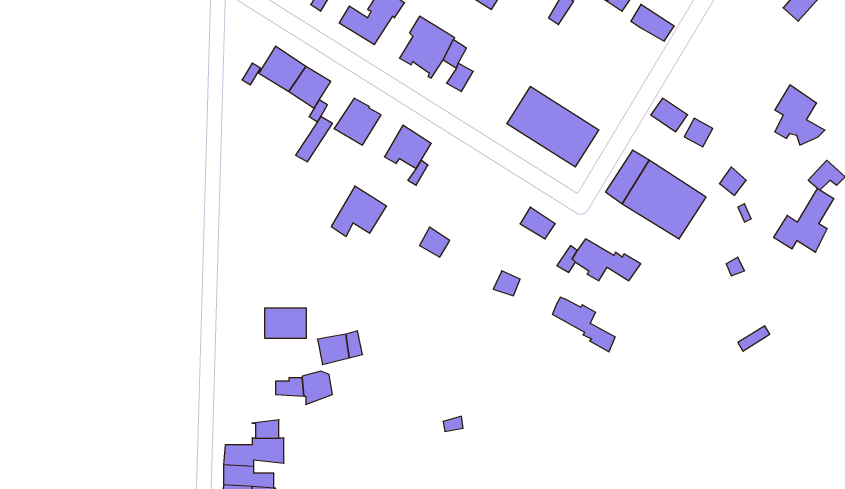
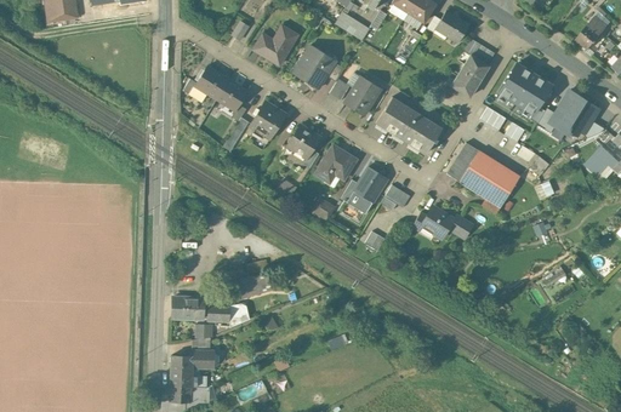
building: none -> [452,55,490,96]
building: none -> [497,63,551,114]
building: none -> [346,76,381,115]
building: none -> [352,167,386,202]
building: [331,186,387,236] -> [315,145,355,182]
building: [774,189,834,252] -> [536,88,580,135]
building: [553,297,615,352] -> none
building: [265,308,306,338] -> [172,297,203,319]

